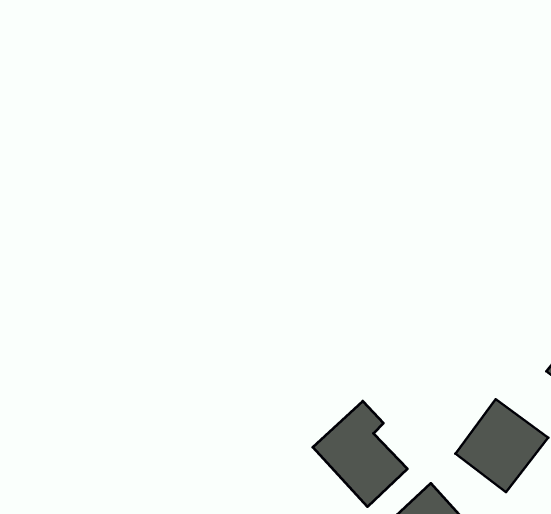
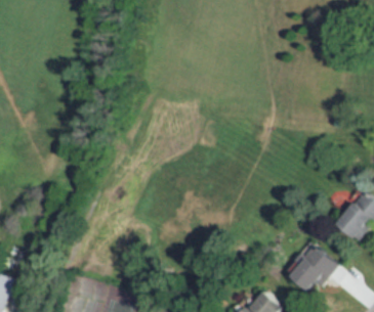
building: [313,401,407,507] -> none

